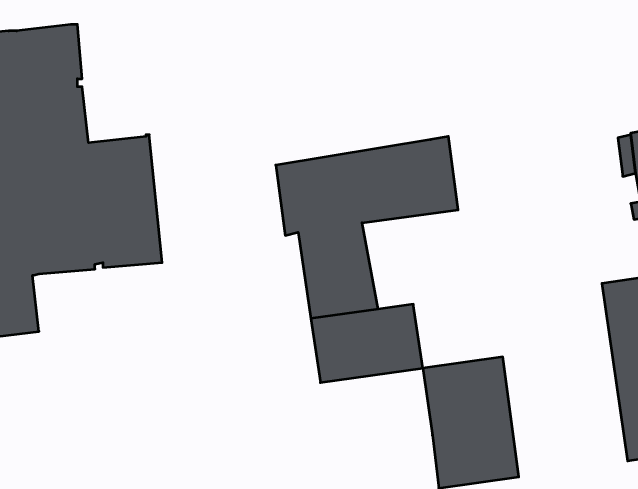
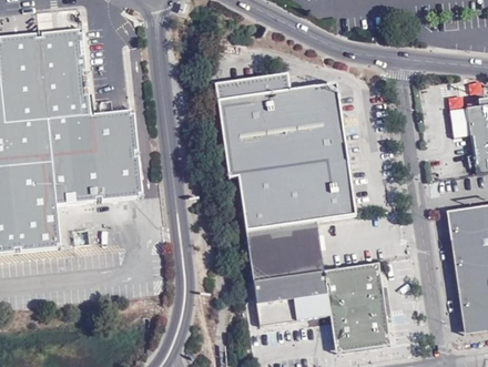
building: none -> [214,72,340,129]
building: none -> [281,160,355,228]
building: none -> [252,269,329,326]

